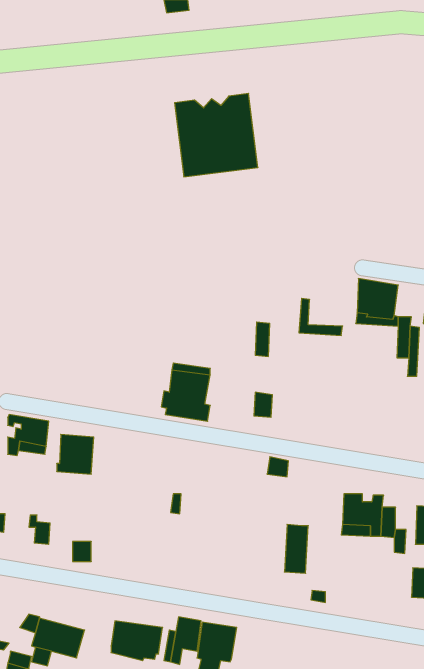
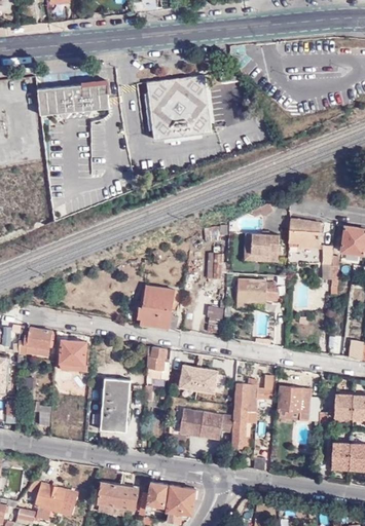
building: none -> [38,81,110,114]
building: none -> [252,234,279,255]
building: none -> [236,278,278,302]
building: none -> [146,345,169,378]
building: none -> [180,351,212,391]
building: none -> [235,375,273,411]
building: none -> [102,376,131,430]
building: none -> [180,409,233,439]

